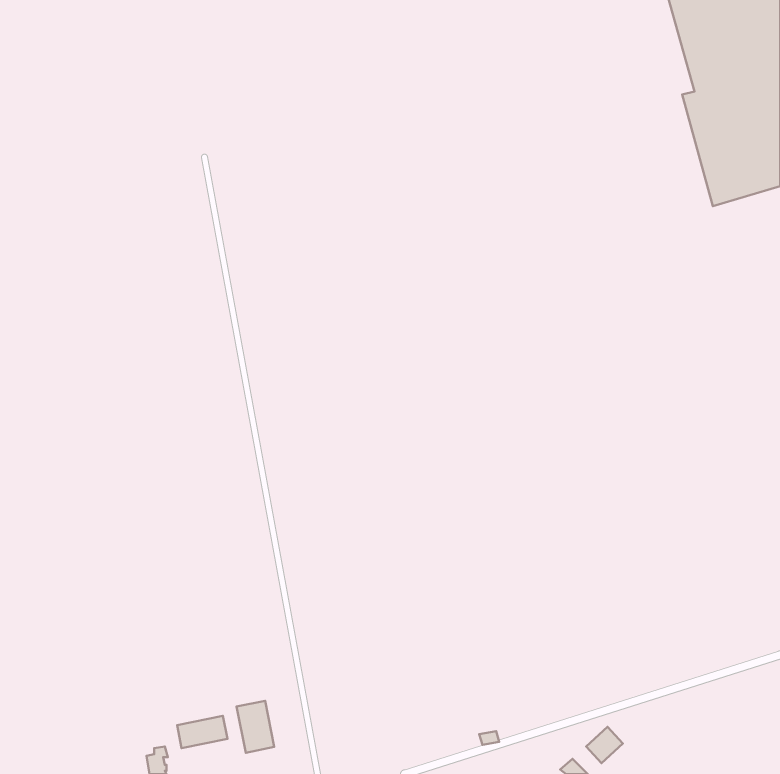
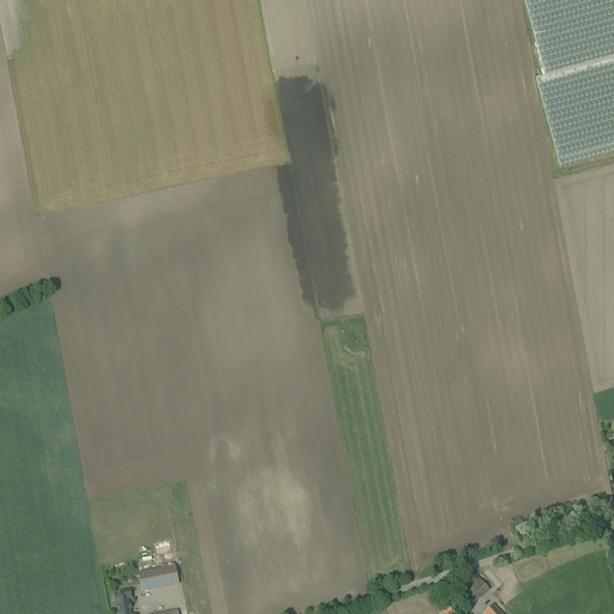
building: [236,701,274,753] -> none

